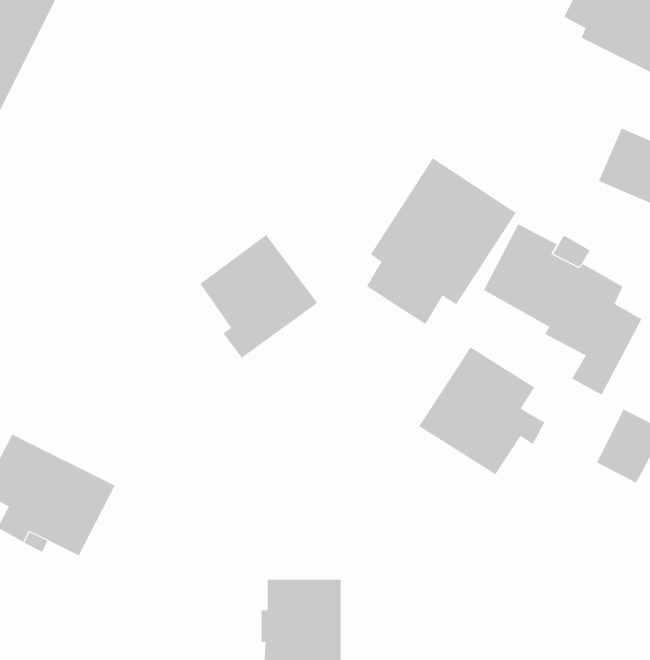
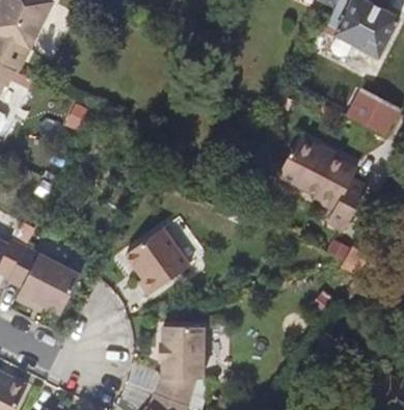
building: [366,157,516,325] -> none
building: [199,234,318,358] -> [125,229,189,297]
building: [419,346,545,475] -> none

